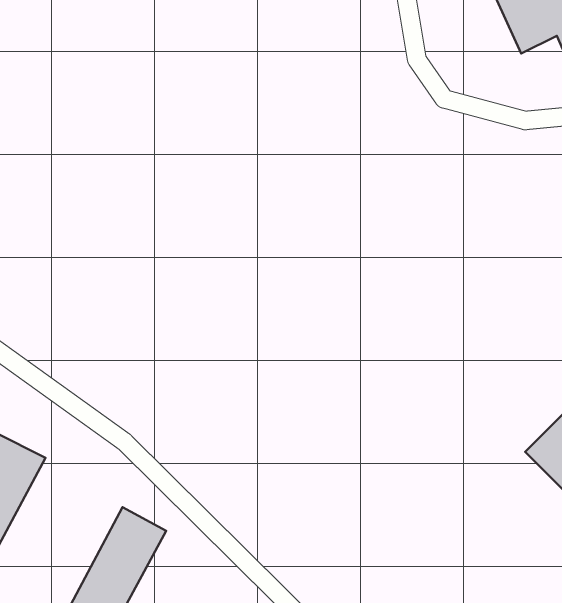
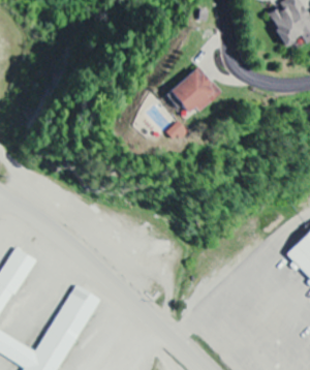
building: none -> [168,65,219,116]

